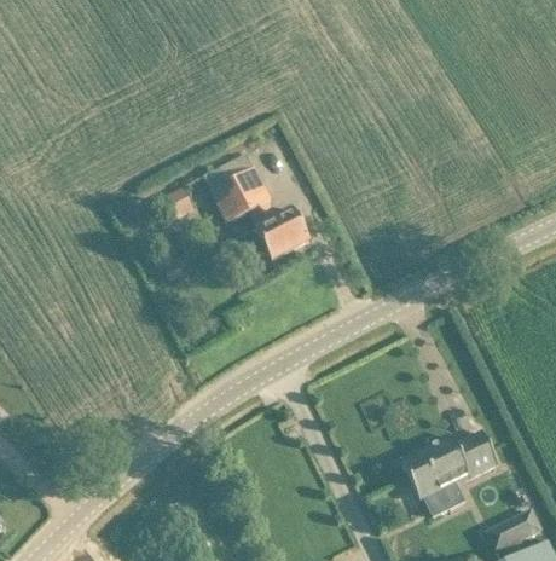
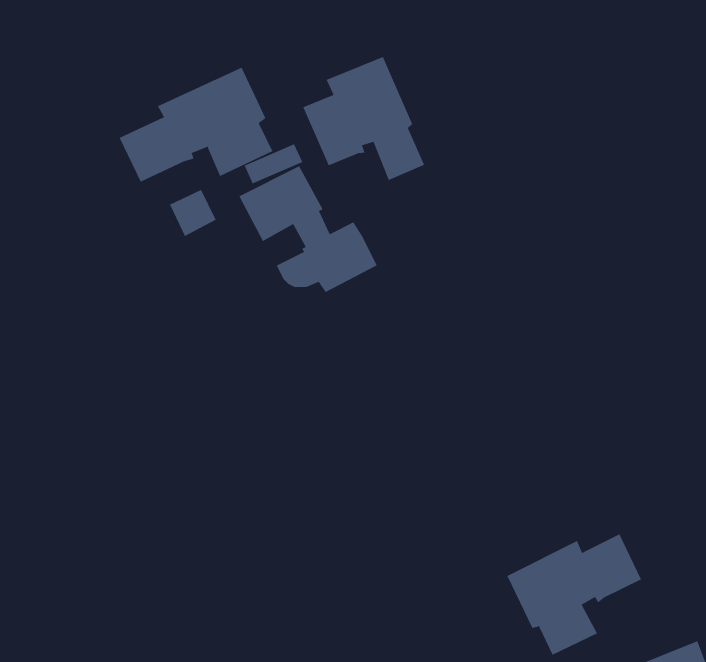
building: none -> [303,56,425,181]
building: none -> [119,67,273,182]

